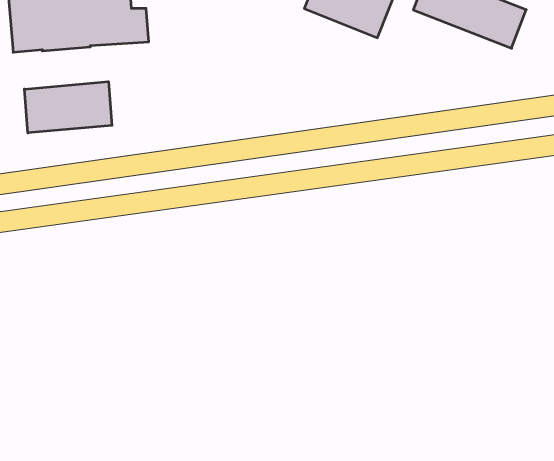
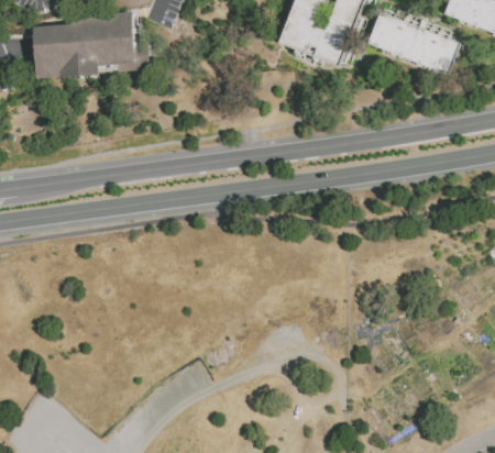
building: [24,82,112,133] -> none

